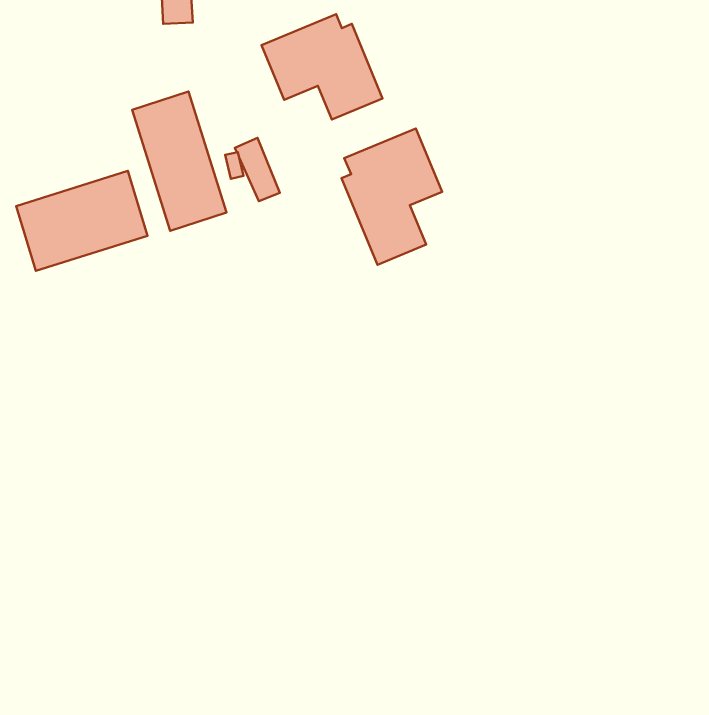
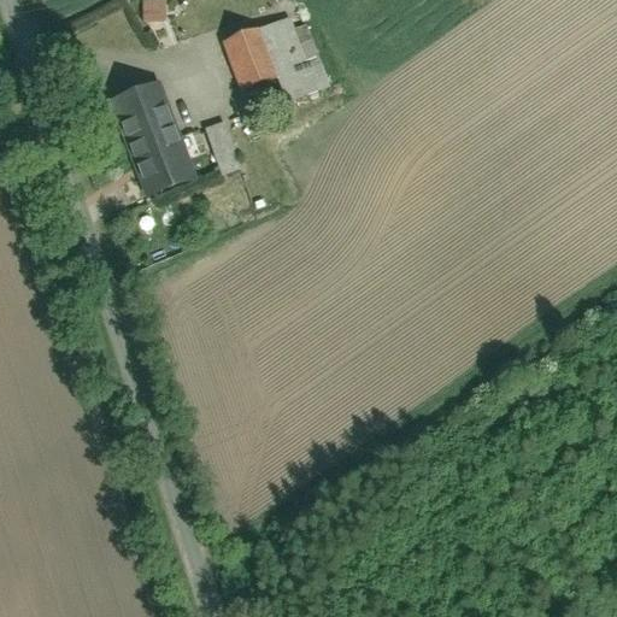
building: [341,128,442,265] -> none
building: [16,171,148,271] -> none

